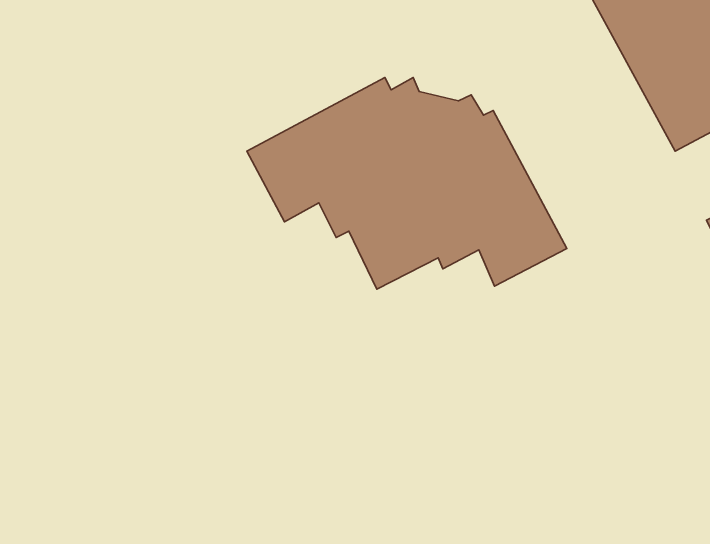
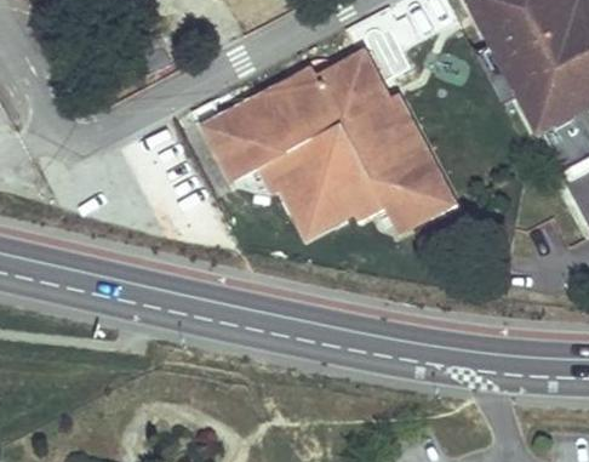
building: none -> [314,41,398,101]

